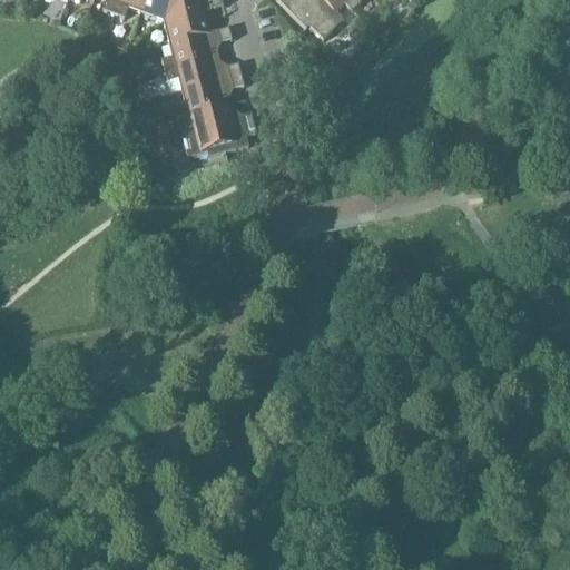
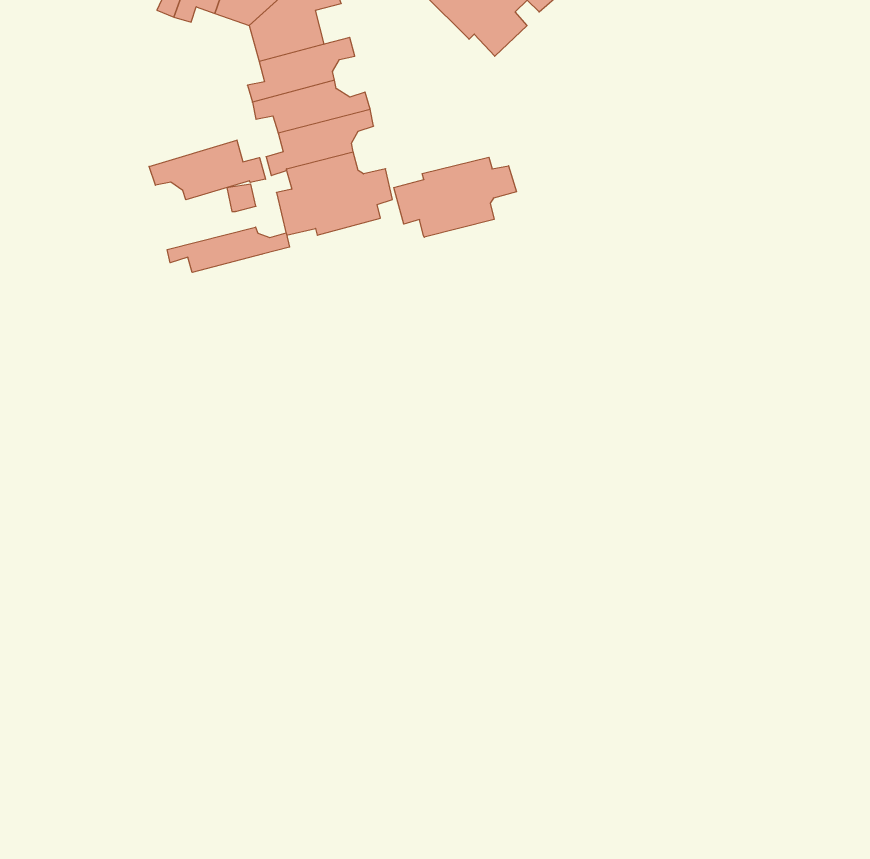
building: none -> [149,140,266,200]
building: none -> [394,157,516,237]
building: none -> [167,227,290,272]

